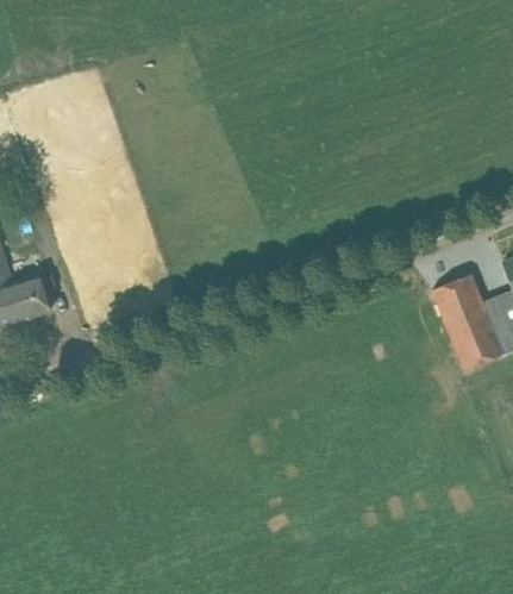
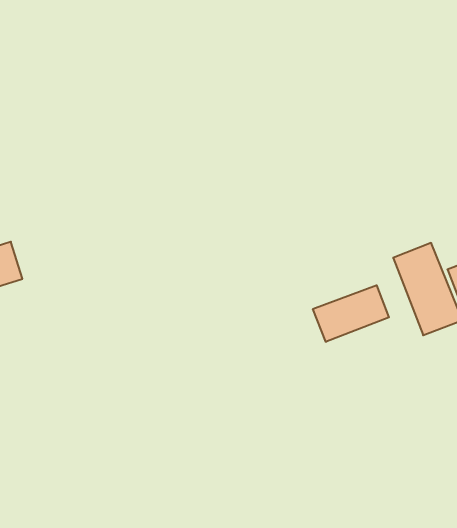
building: none -> [313,285,389,342]

